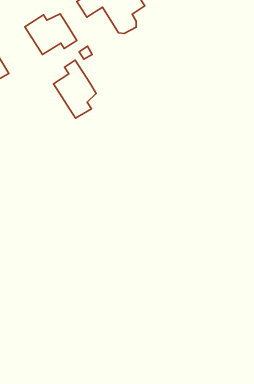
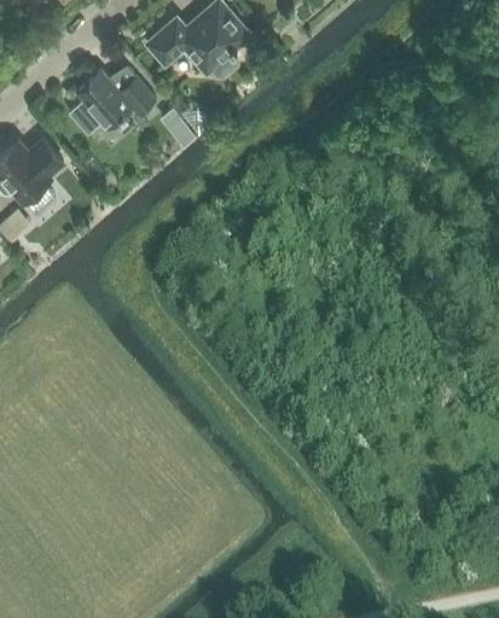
building: [54,60,96,118] -> none

